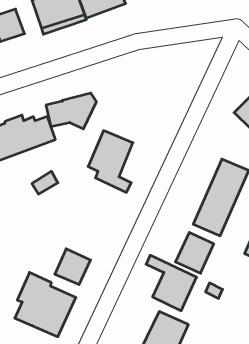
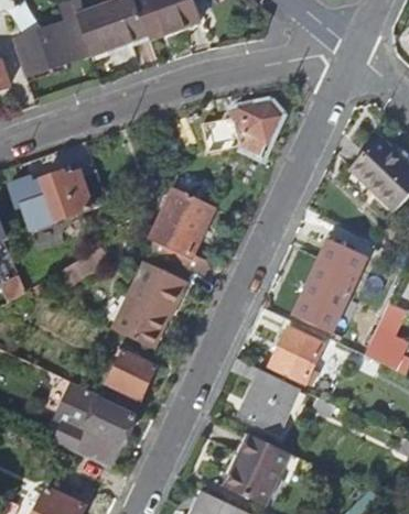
building: [46,93,96,129] -> [209,102,278,151]
building: none -> [110,261,184,348]

